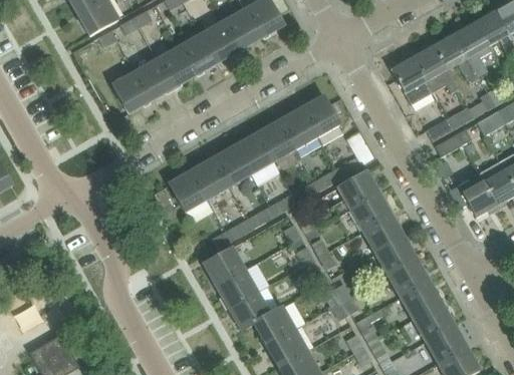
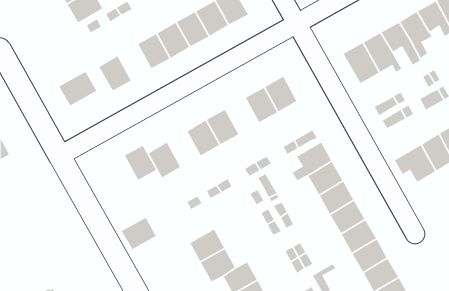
building: [135,58,173,100] -> none
building: none -> [58,71,97,107]
building: [257,119,295,161] -> none
building: [191,157,229,199] -> [124,145,157,181]
building: [203,247,244,285] -> [121,217,157,250]

